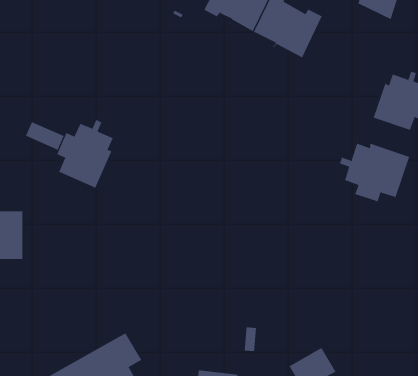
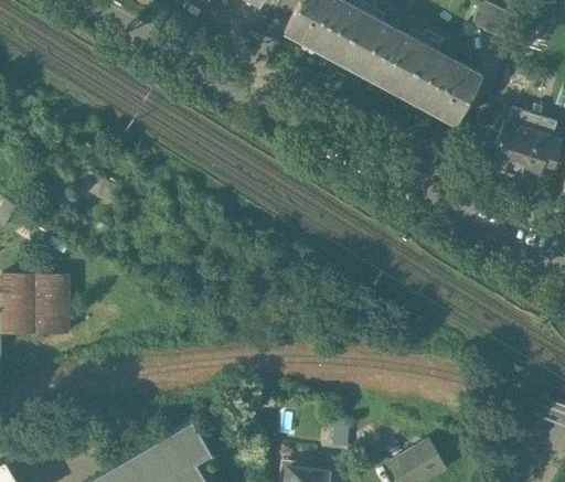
building: none -> [405,40,482,125]
building: [57,119,114,188] -> none
building: [339,143,410,202] -> none

